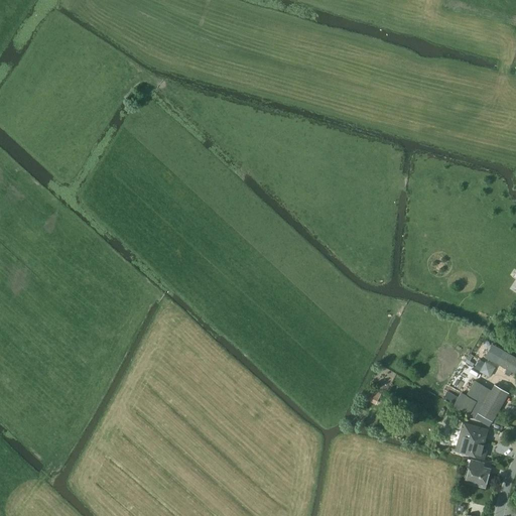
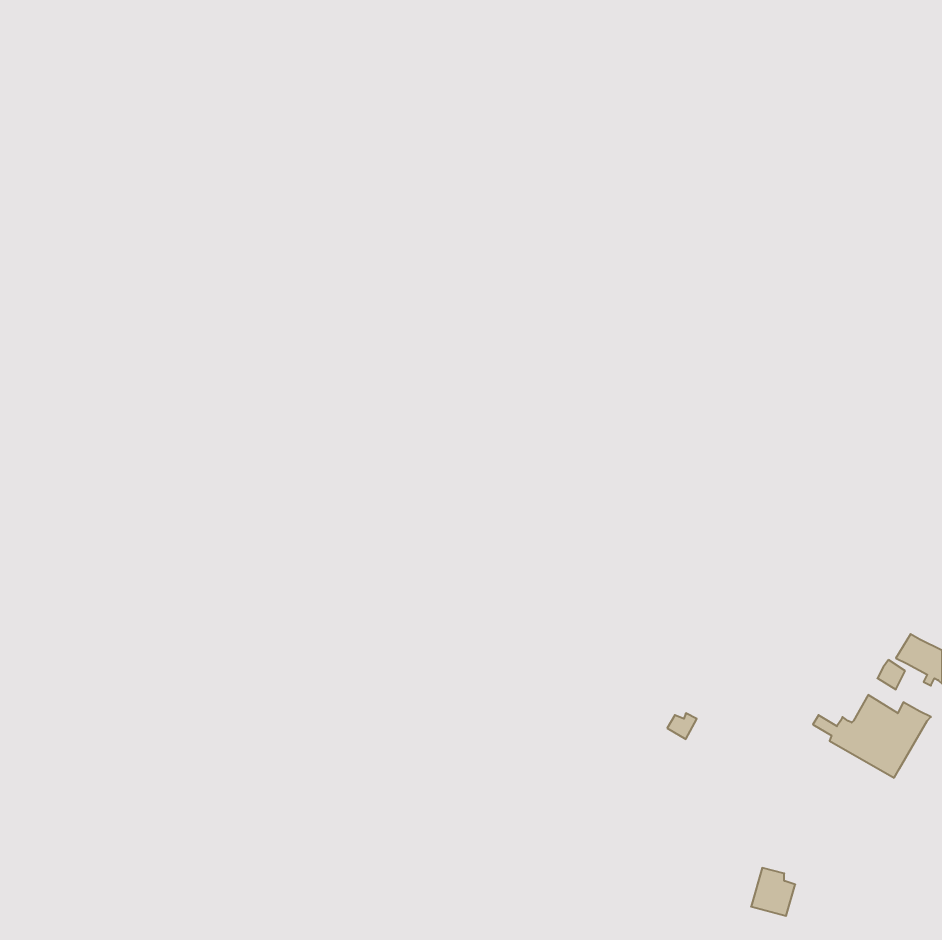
building: [457,422,487,458] -> none
building: [466,460,490,486] -> [751,868,795,916]

